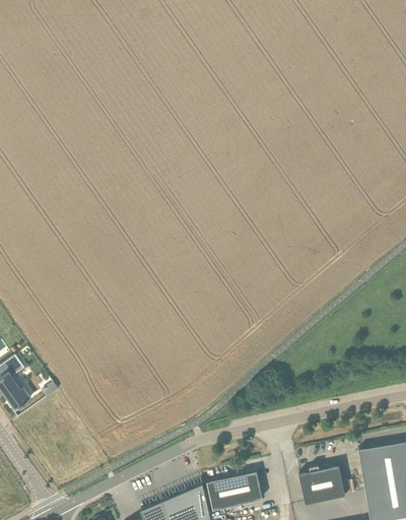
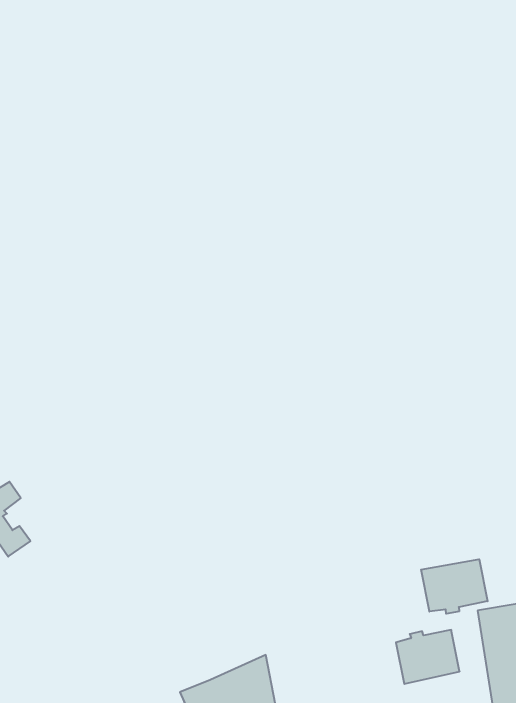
building: none -> [421,559,488,614]
building: [207,472,262,511] -> none

